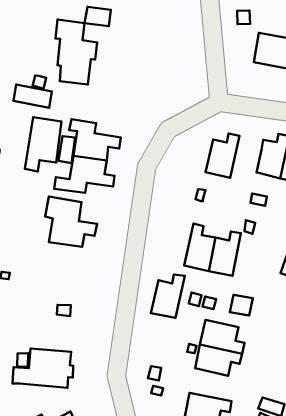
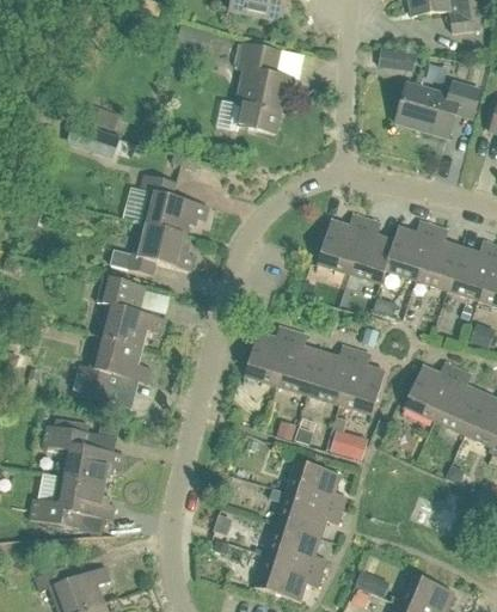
building: [56,20,97,85] -> [238,42,294,133]
building: [25,117,62,171] -> none
building: none -> [349,218,394,283]
building: none -> [339,348,385,414]
building: none -> [73,335,152,408]
building: [151,274,185,318] -> [244,325,294,384]
building: none -> [44,424,124,484]
building: none -> [266,522,326,571]

